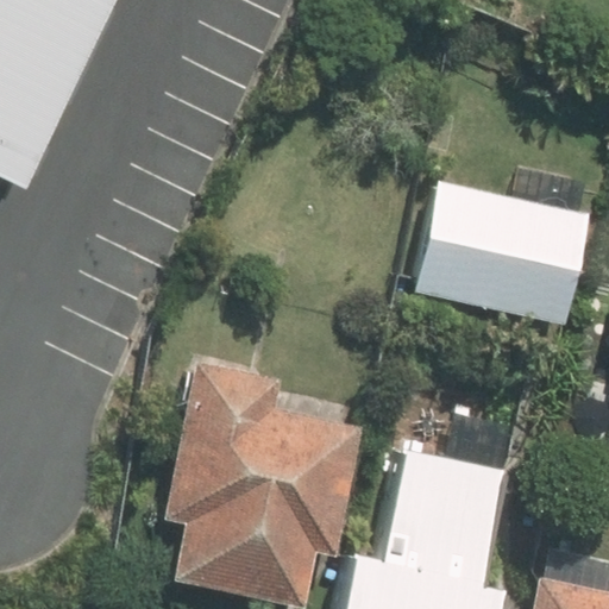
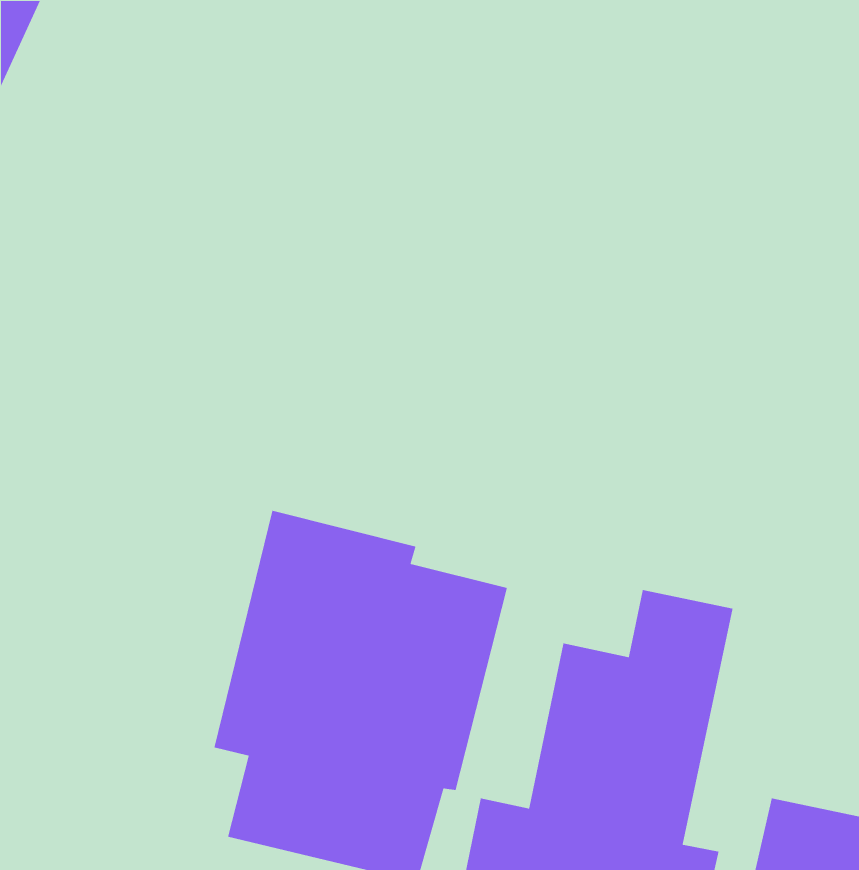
building: [413,171,591,324] -> none

